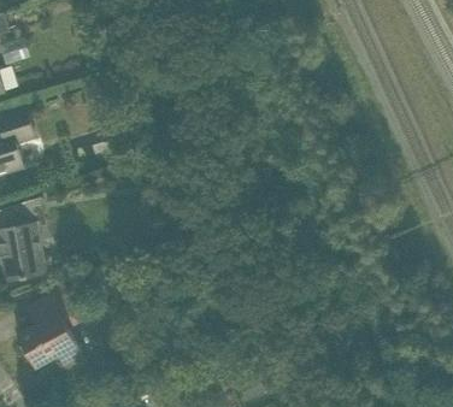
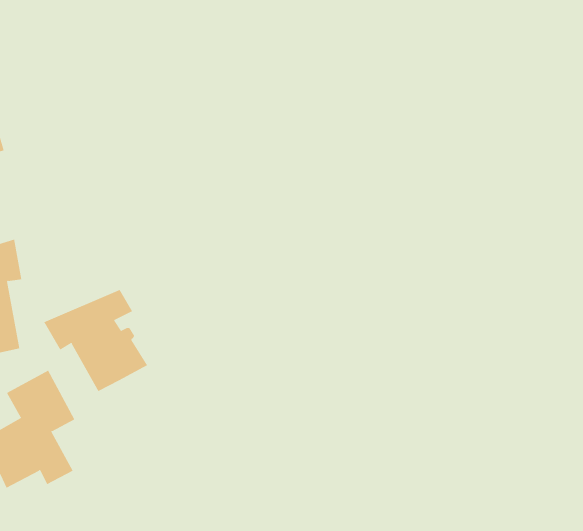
building: none -> [44,289,148,392]

